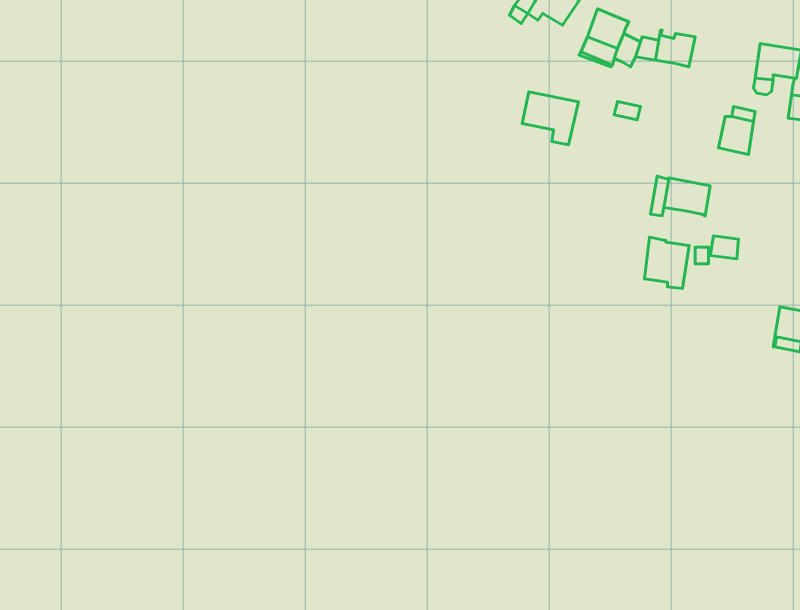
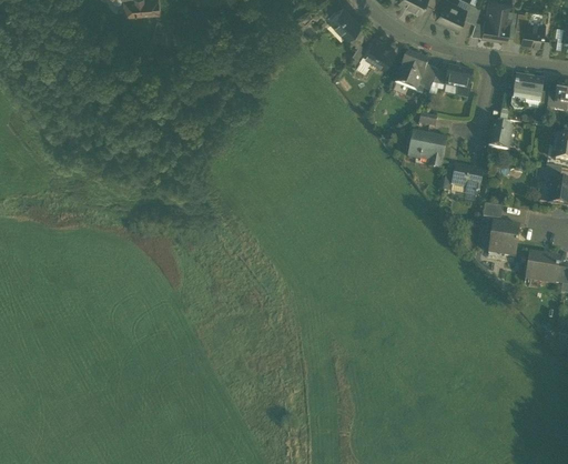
building: [522,92,578,145] -> [408,134,446,170]
building: [644,237,689,289] -> [489,223,519,258]

